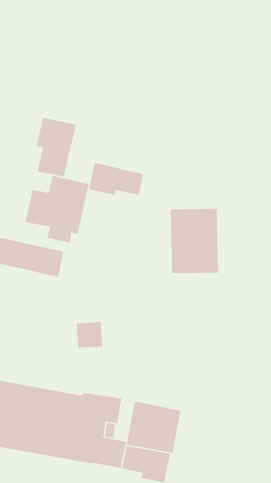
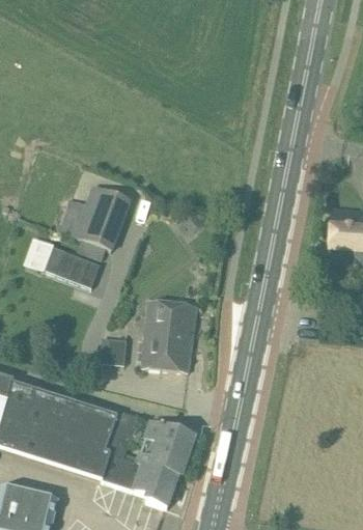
building: [36,117,77,178] -> none
building: [88,162,144,196] -> none
building: [170,208,219,274] -> [140,299,196,370]

